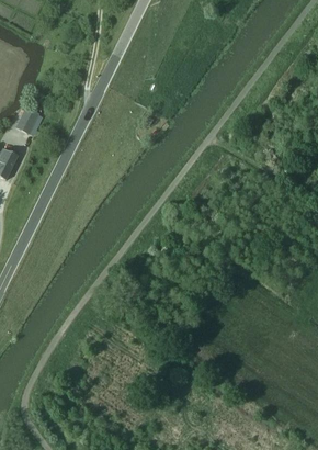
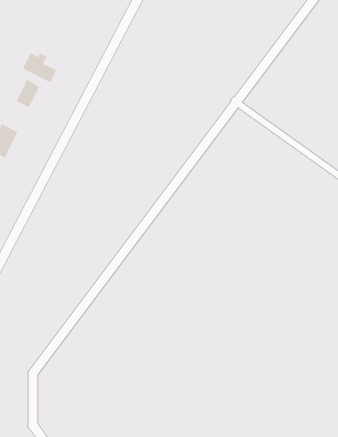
building: none -> [22,53,56,83]

